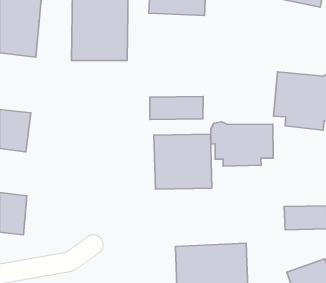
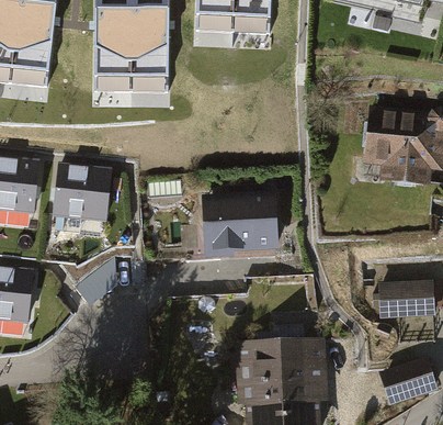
building: [150,96,203,120] -> none
building: none -> [57,164,116,221]
building: [211,122,273,166] -> none

